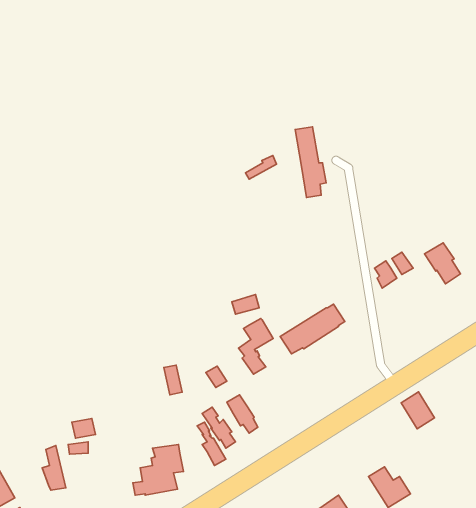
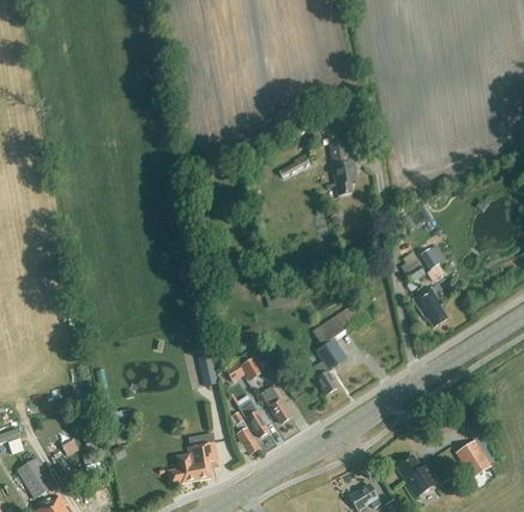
building: [425,243,460,284] -> [412,288,447,327]
building: [238,319,273,374] -> [312,341,345,394]
building: [401,392,435,429] -> [457,441,489,477]

